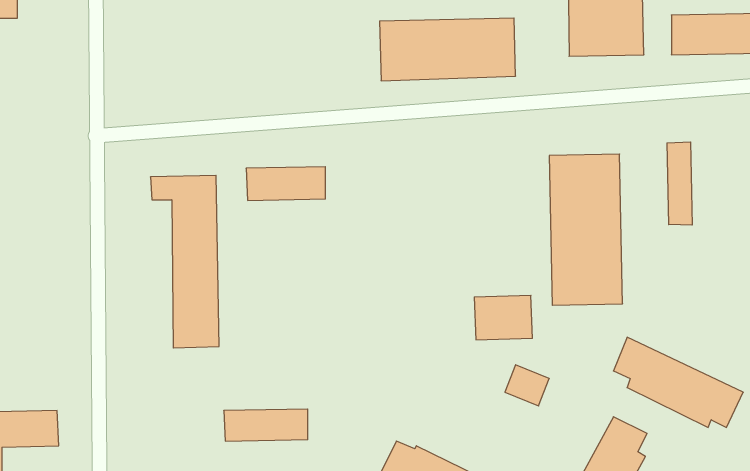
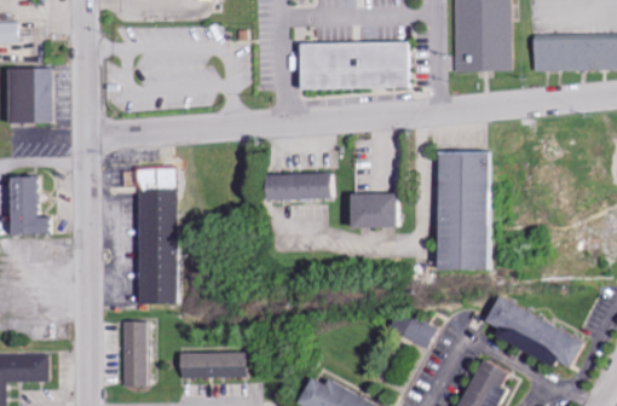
building: none -> [8,69,51,122]
building: [667,142,692,225] -> none
building: [246,167,325,200] -> [270,172,333,198]
building: none -> [13,175,52,233]
building: [474,295,532,340] -> [353,192,399,227]
building: none -> [120,320,149,385]

